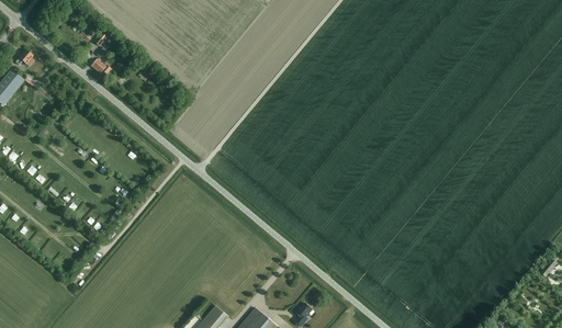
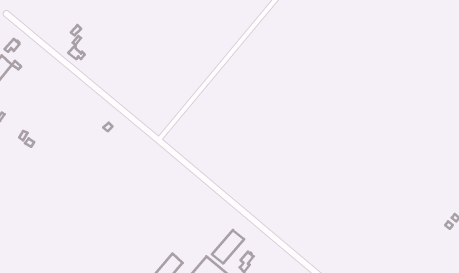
building: none -> [212,230,244,263]

